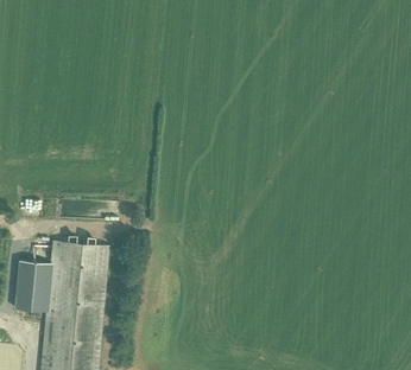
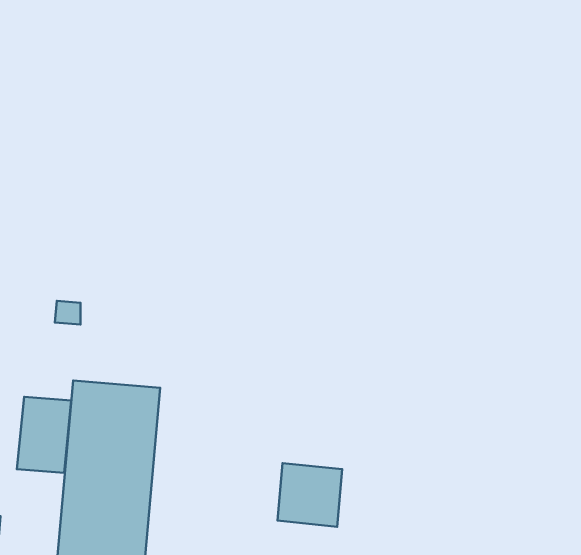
building: none -> [277,463,342,527]

